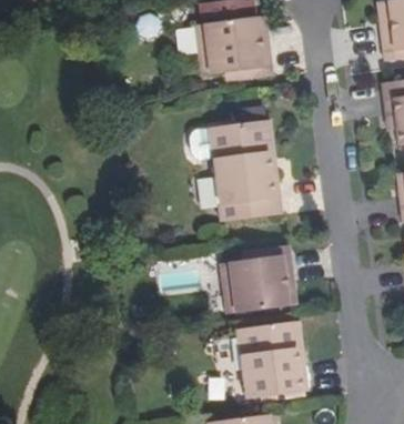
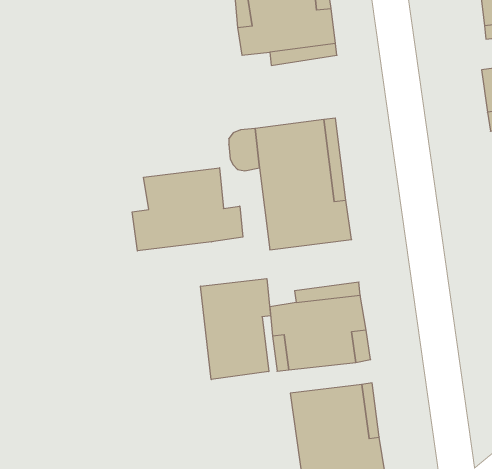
building: none -> [132,168,243,251]
building: none -> [201,279,270,380]

